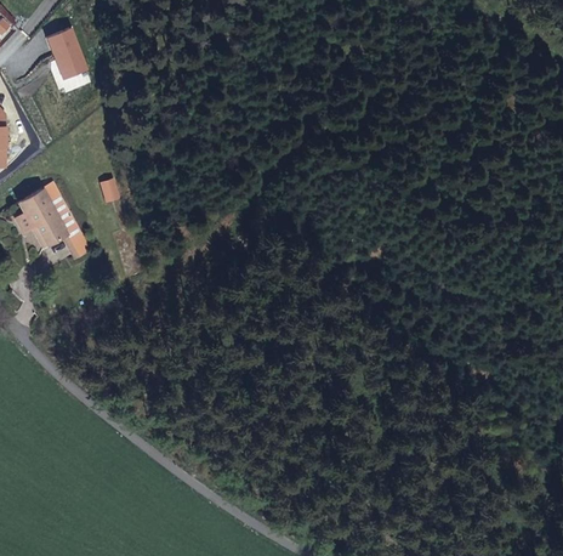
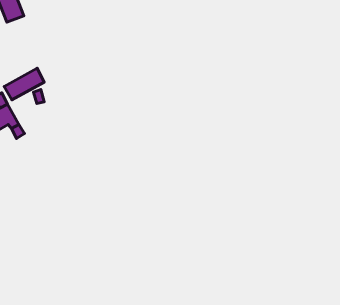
building: none -> [4,68,44,100]

